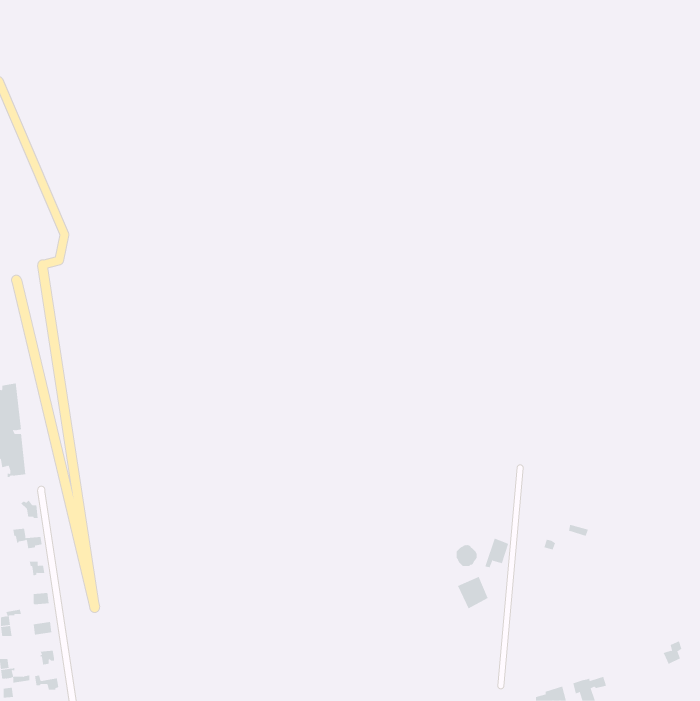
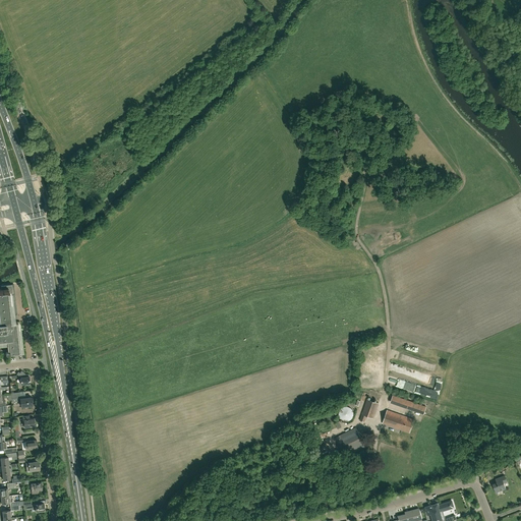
building: none -> [382,410,413,432]

